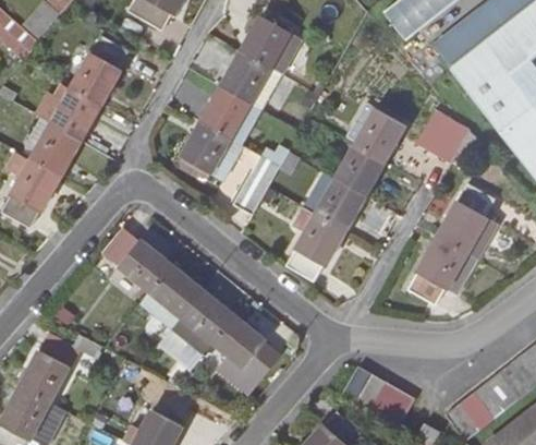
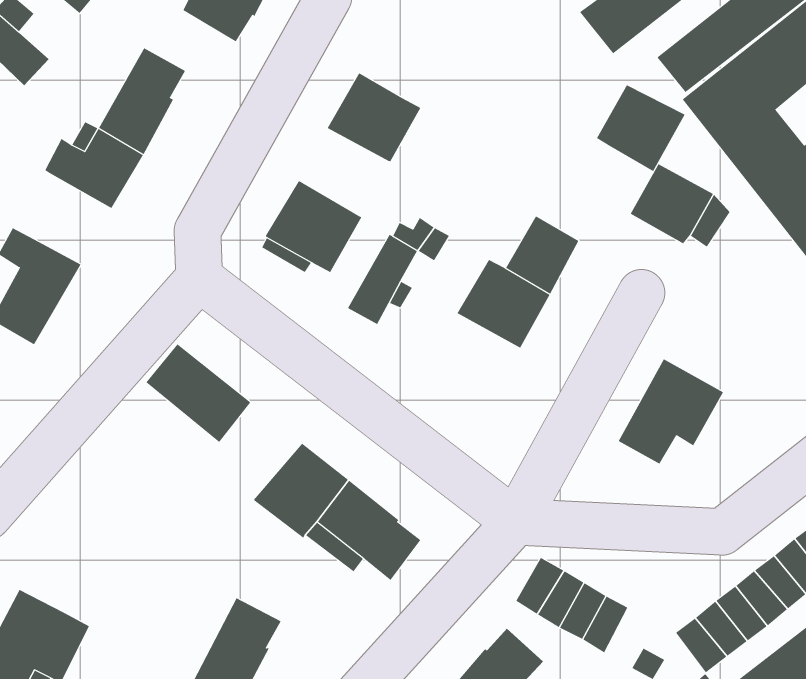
building: [241,15,290,68] -> none
building: [202,87,260,144] -> none
building: [346,104,404,160] -> [596,84,685,172]
building: [25,117,81,176] -> none
building: [438,183,497,258] -> none
building: [287,207,345,281] -> none
building: [141,265,204,328] -> none
building: [21,334,81,401] -> none

